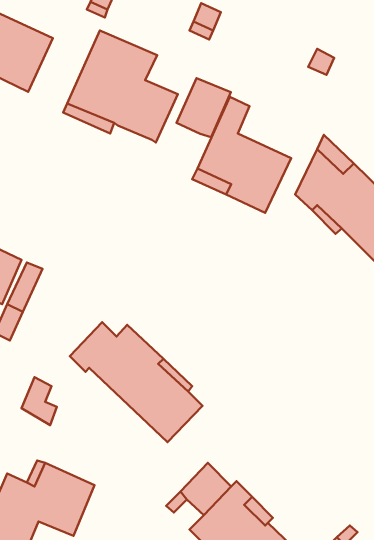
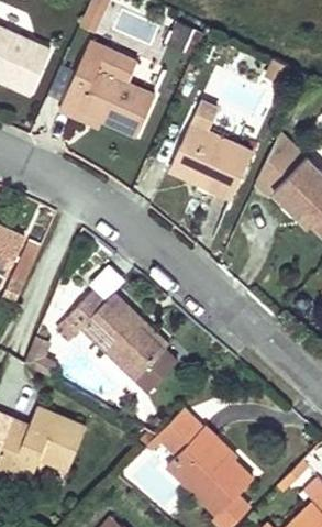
building: [177,78,231,137] -> none

